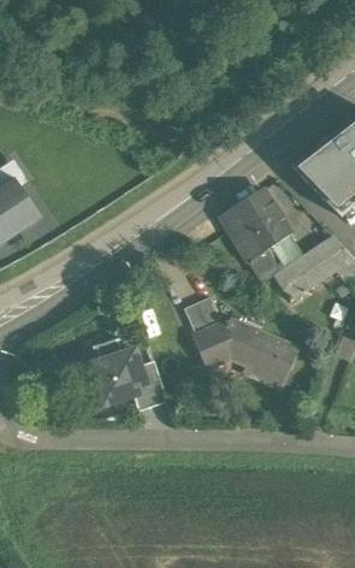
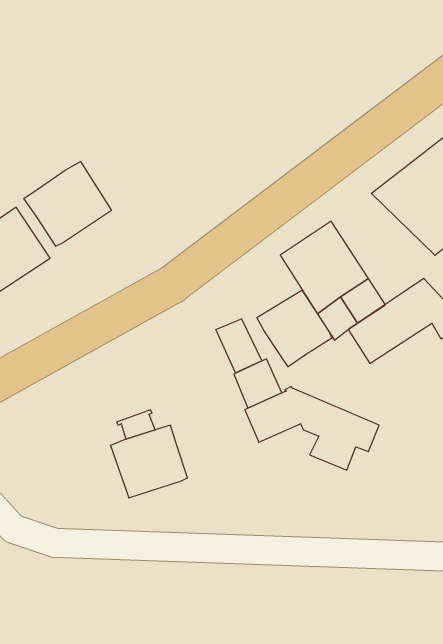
building: none -> [24,161,111,246]
building: none -> [257,290,332,367]
building: none -> [216,319,262,373]
building: [140,359,167,407] -> none

